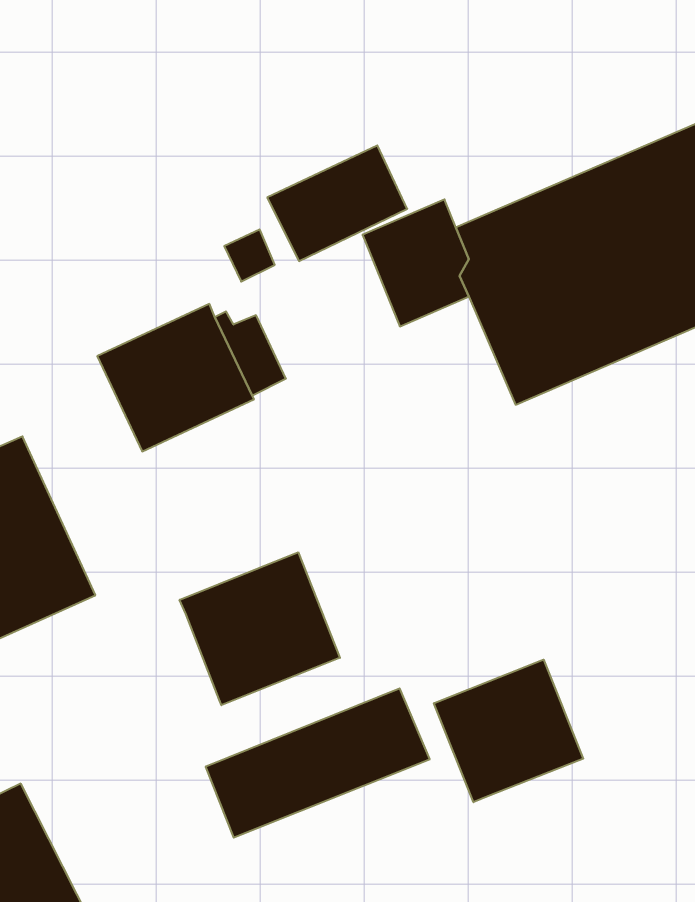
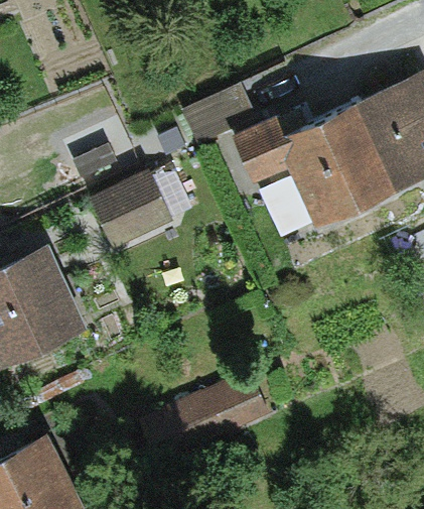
building: [180,552,340,705] -> none
building: [434,660,583,802] -> none

